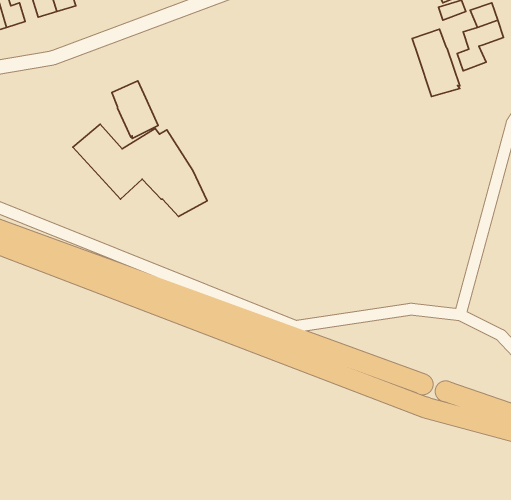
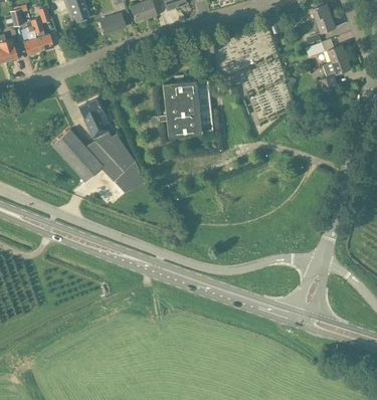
building: [412,29,460,96] -> none
building: none -> [149,75,213,137]

